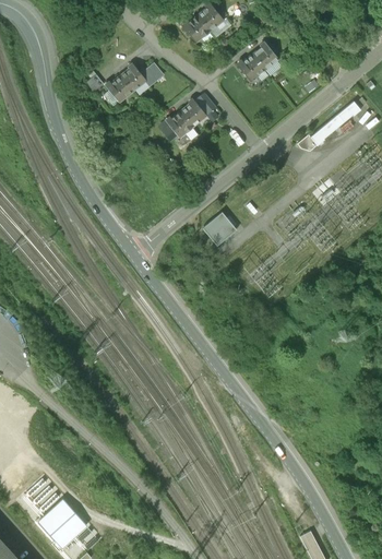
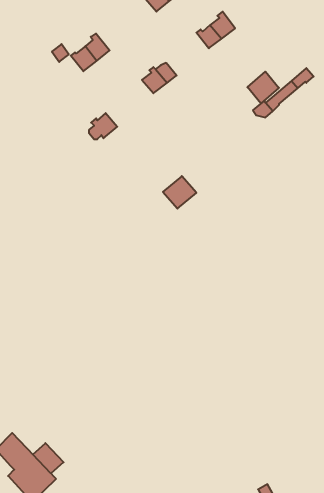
building: none -> [247,72,279,104]
building: [162,111,191,139] -> [89,113,117,139]
building: none -> [33,443,64,473]

